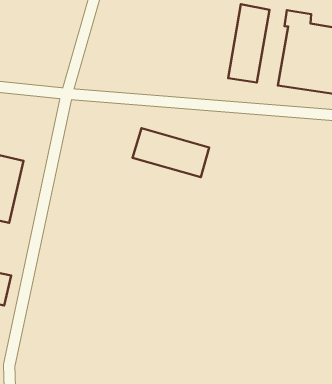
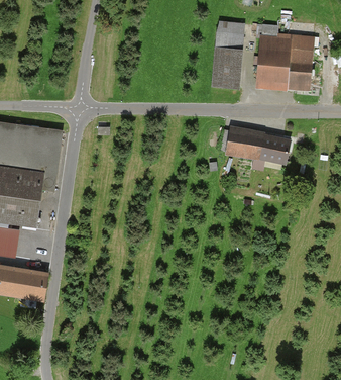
building: [132,128,209,177] -> [226,126,292,165]

